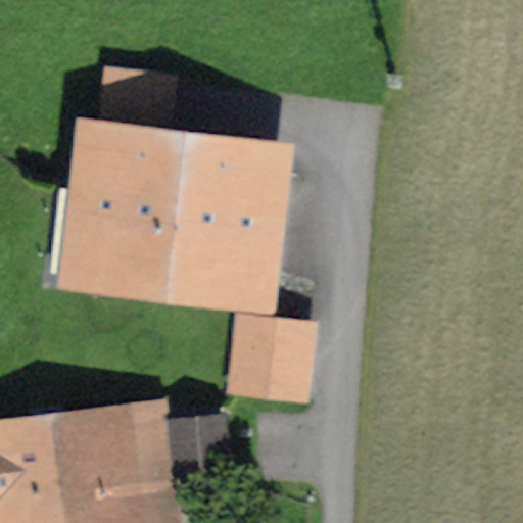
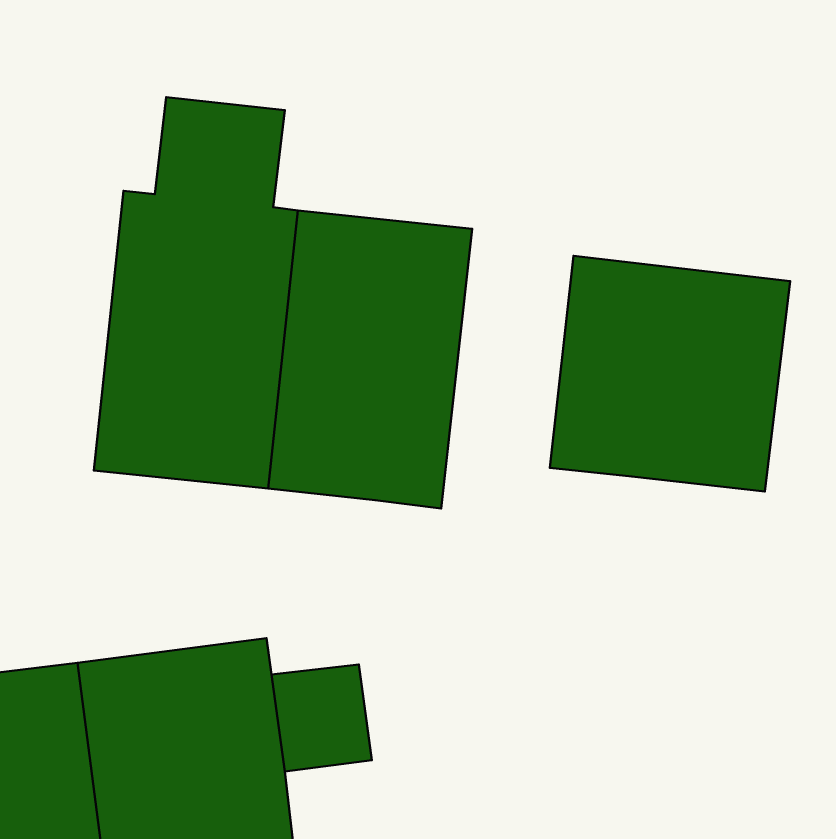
building: none -> [550,256,790,492]
building: [225,312,317,399] -> none

